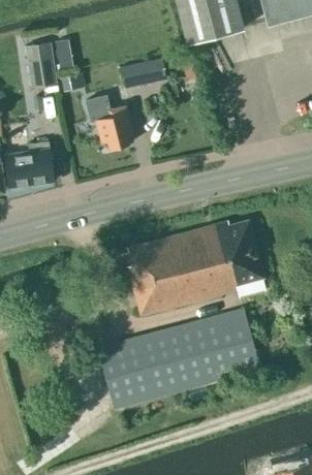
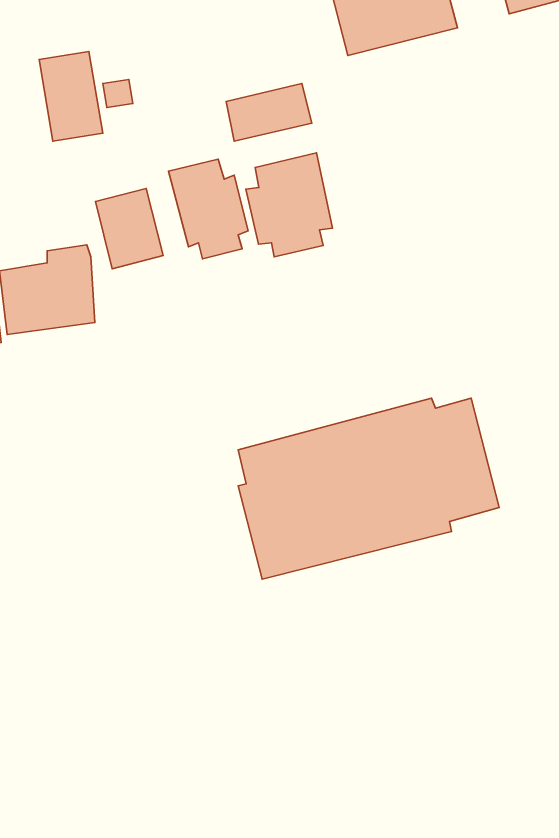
building: none -> [246,153,333,257]
building: none -> [95,188,163,269]
building: [98,310,259,409] -> none

